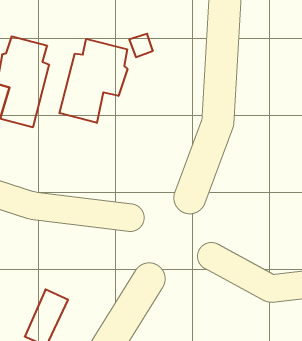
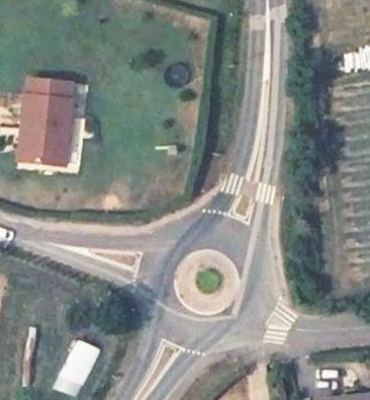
building: [59,39,127,123] -> none

